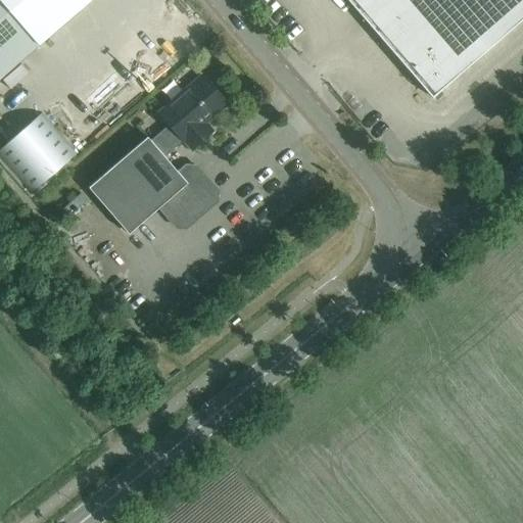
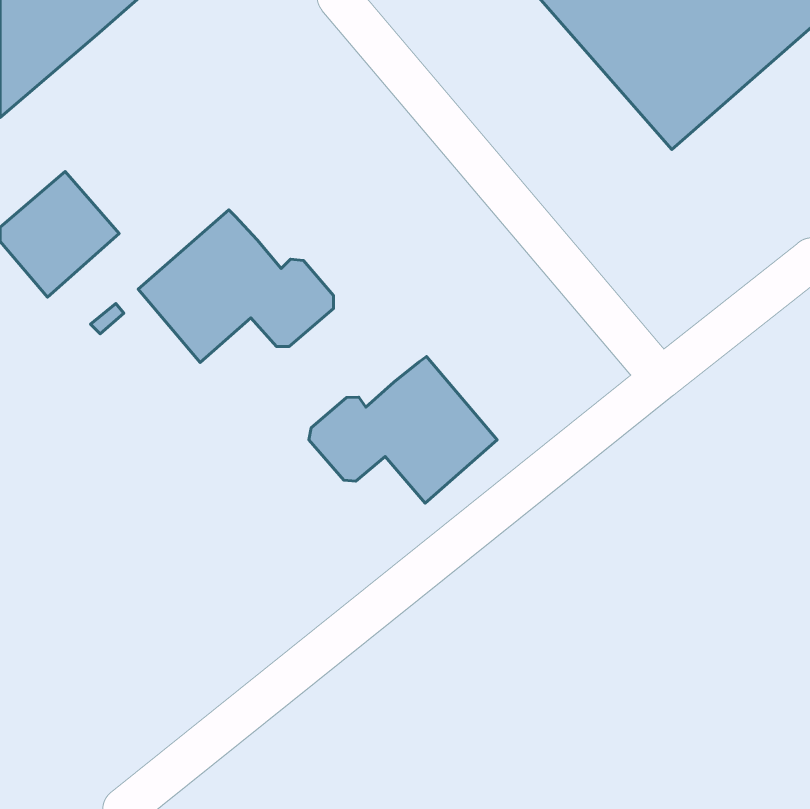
building: [152,74,228,154] -> none
building: none -> [309,356,497,503]

